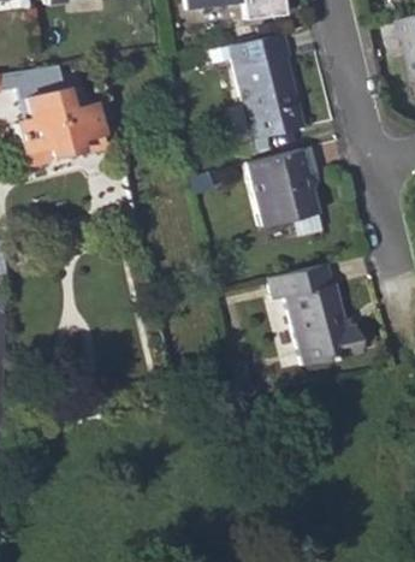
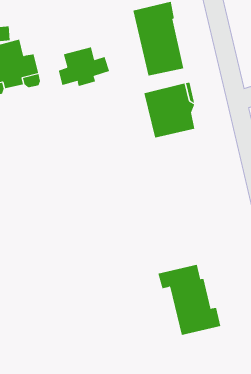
building: none -> [58,47,110,87]
building: [267,261,357,362] -> [158,264,221,335]

